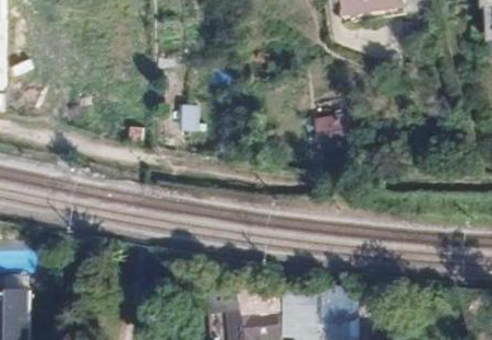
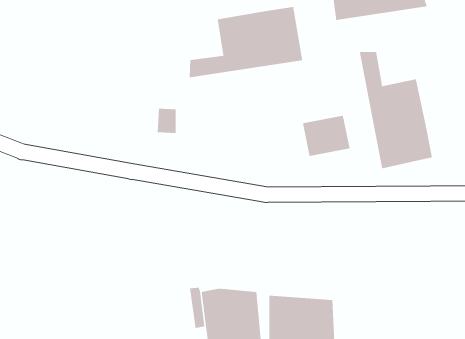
building: none -> [189,6,303,78]
building: none -> [359,51,433,169]

